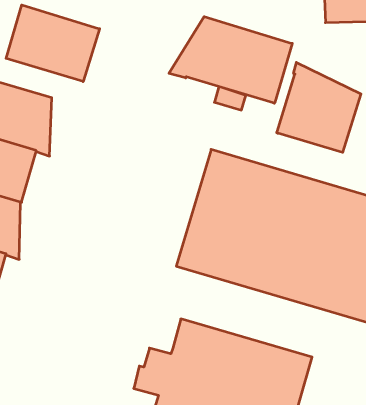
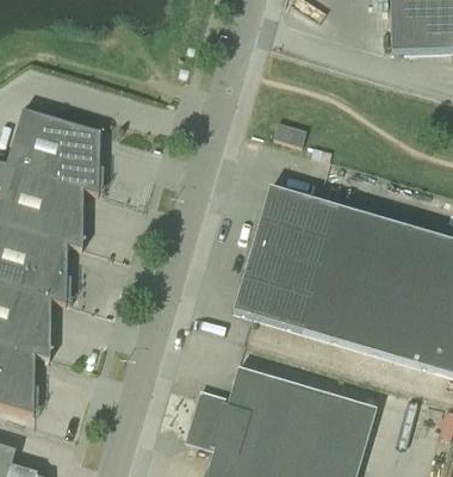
building: [6,5,100,82] -> none
building: [169,17,292,103] -> none
building: [277,62,361,152] -> none

